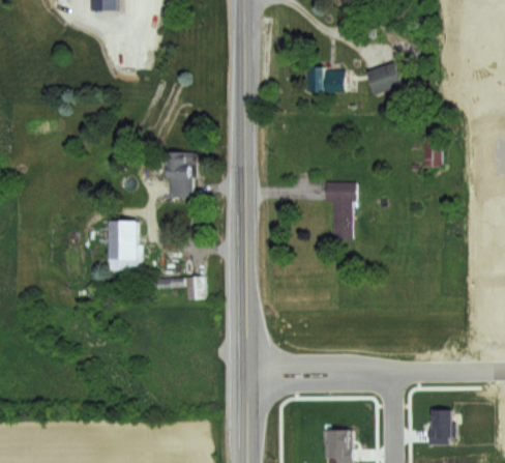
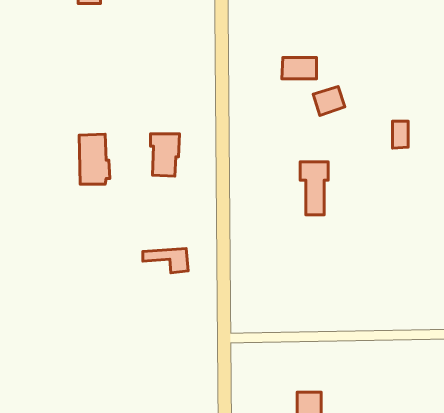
building: [368,65,403,96] -> [313,87,345,115]
building: [110,216,143,270] -> [79,134,110,184]
building: [426,408,453,444] -> none

